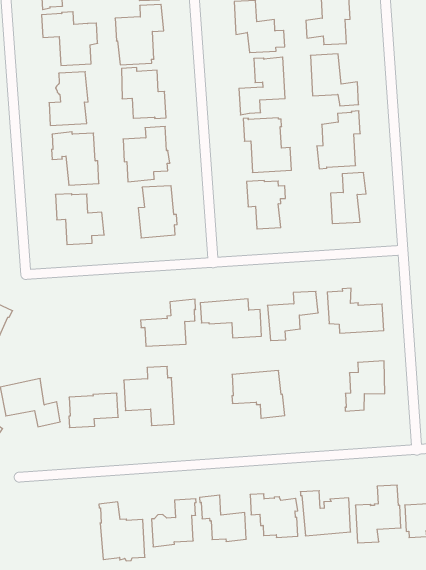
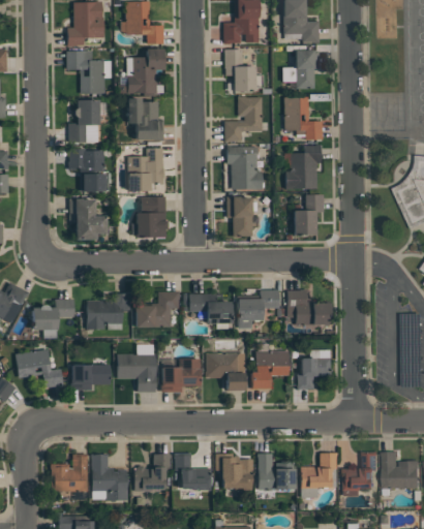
building: none -> [87,293,129,330]
building: none -> [33,300,73,339]
building: none -> [250,351,289,390]
building: none -> [161,360,201,393]
building: none -> [50,454,87,492]

